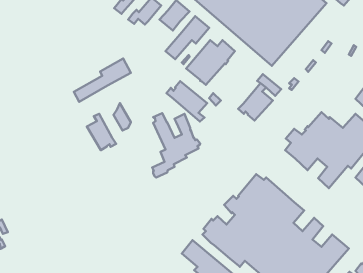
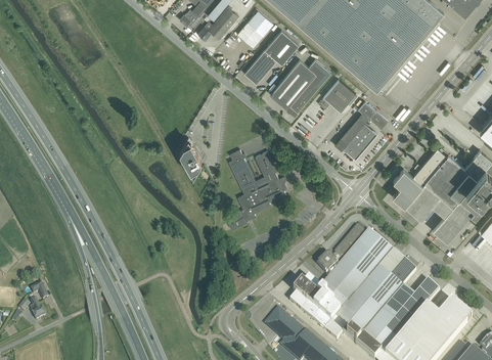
building: none -> [318,80,356,112]
building: [74,59,131,102] -> none
building: [166,81,207,122] -> none
building: [87,114,116,150] -> none

